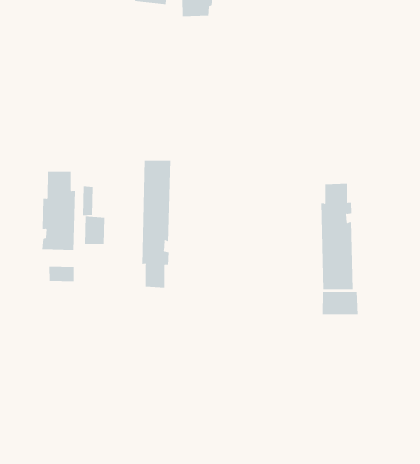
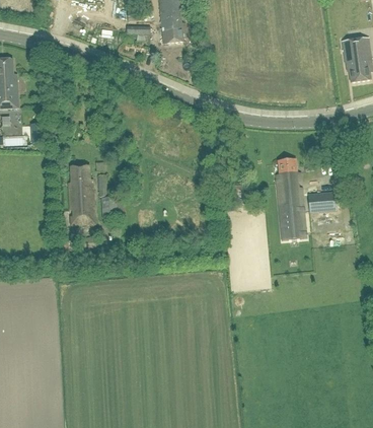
building: [142,160,171,288] -> none
building: [322,292,359,315] -> [308,192,337,211]

